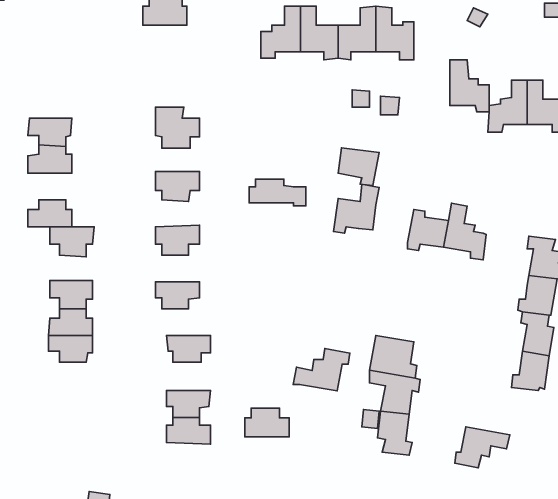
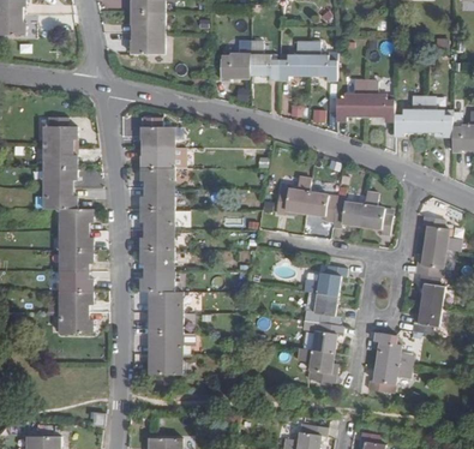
building: none -> [335,82,364,121]
building: [338,148,379,186] -> [305,192,336,221]
building: none -> [42,168,76,188]
building: [249,179,306,206] -> [139,149,182,169]
building: none -> [139,188,173,209]
building: none -> [59,231,91,250]
building: none -> [139,231,173,251]
building: none -> [139,271,173,292]
building: [293,348,350,391] -> [302,264,346,297]
building: none -> [58,312,91,333]
building: none -> [376,341,412,367]
building: [245,408,289,437] -> [148,312,181,334]

